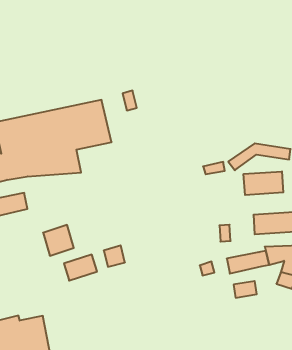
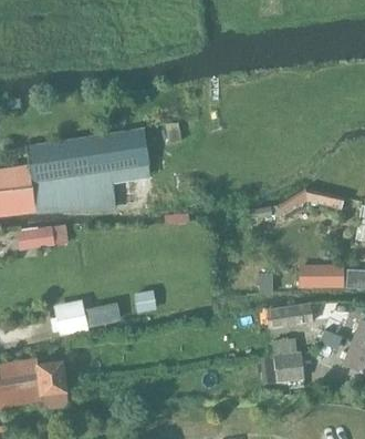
building: [244,171,283,195] -> none
building: [43,225,74,256] -> [54,302,86,334]
building: none -> [273,353,303,381]

